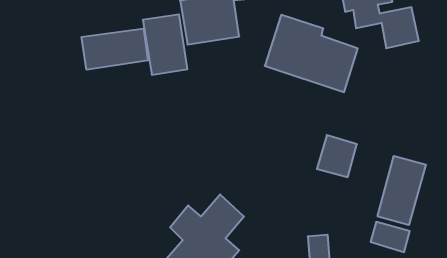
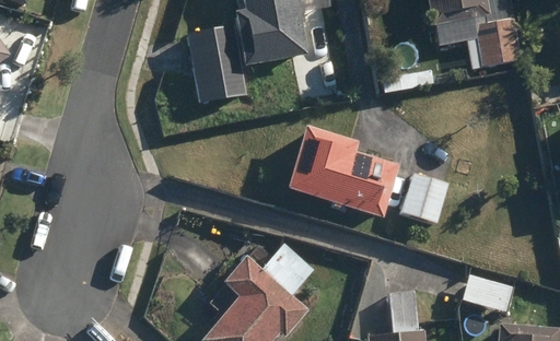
building: [265,15,358,92] -> [288,125,399,217]
building: [82,28,148,70] -> none
building: [378,156,426,225] -> none

